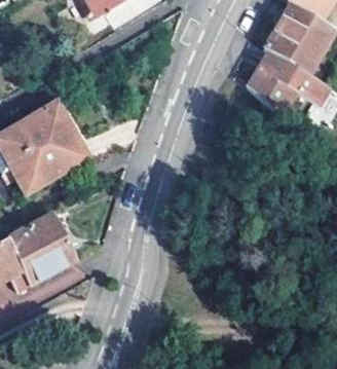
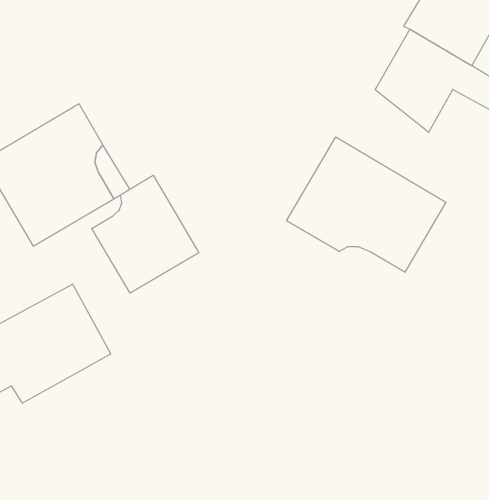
building: none -> [286,137,446,272]
building: none -> [92,175,199,293]

